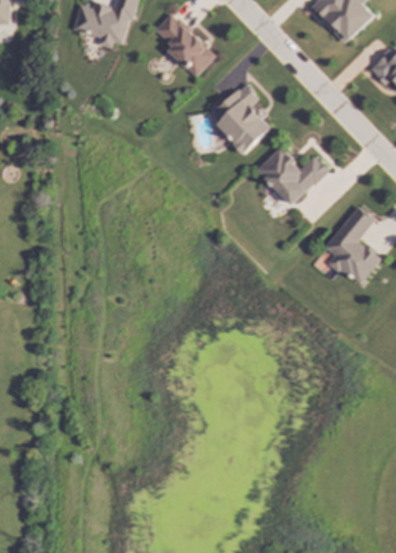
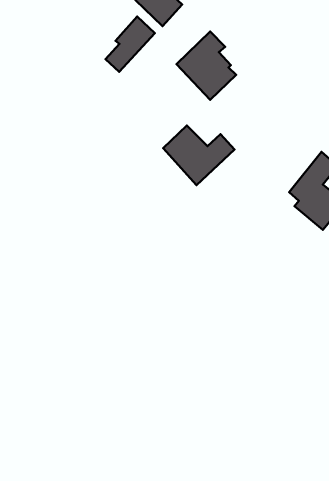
building: none -> [105,16,155,72]
building: [256,145,329,206] -> [163,126,234,185]

